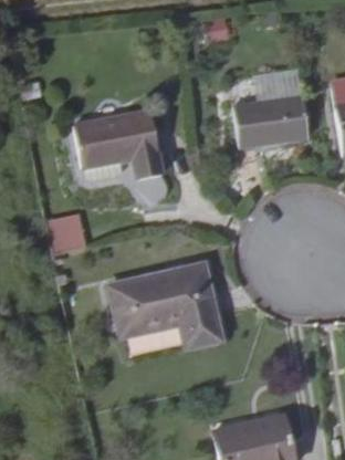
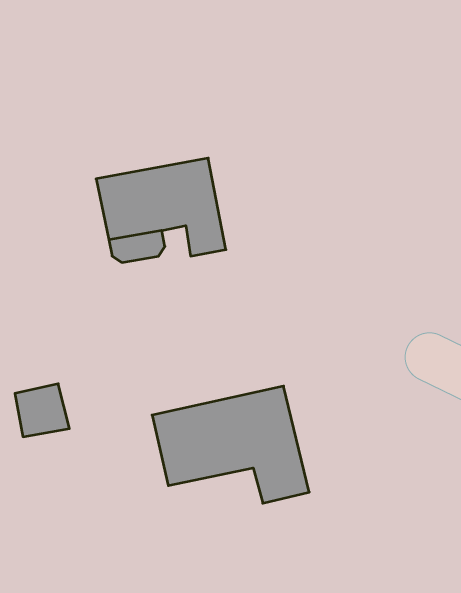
building: [236,85,310,140] -> none
building: [46,218,84,254] -> [15,384,69,437]

